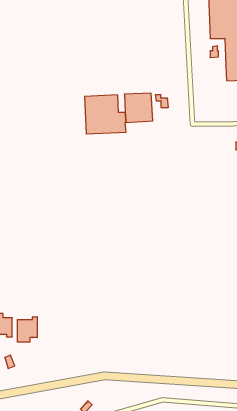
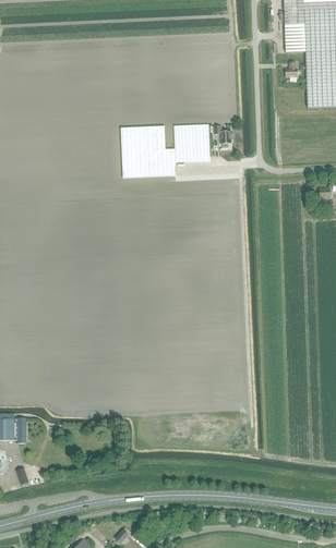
building: [17,317,37,342] -> none

